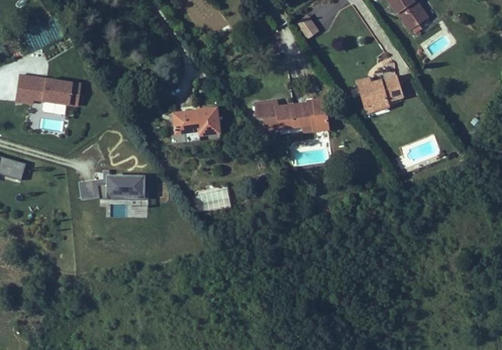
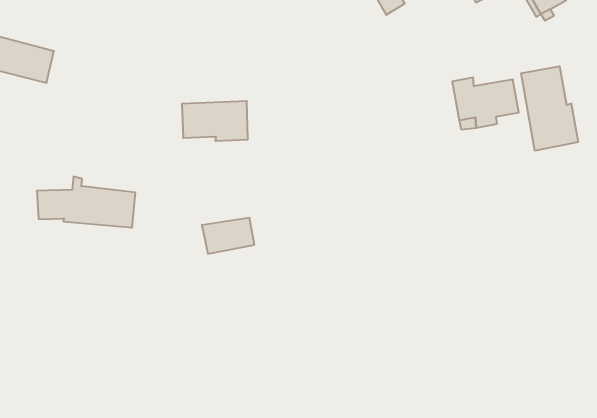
building: none -> [521,66,578,151]
building: [254,97,329,133] -> none

